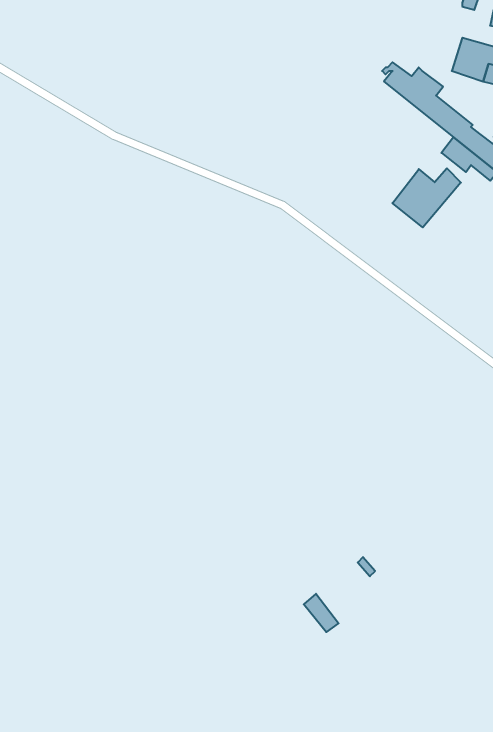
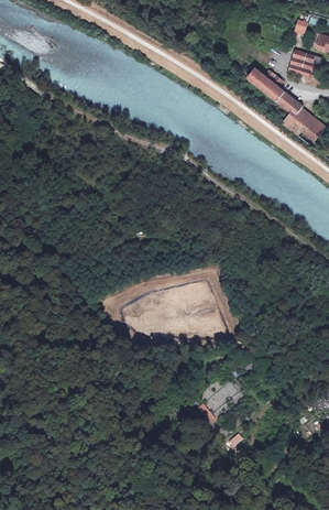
building: [392,168,461,227] -> none

